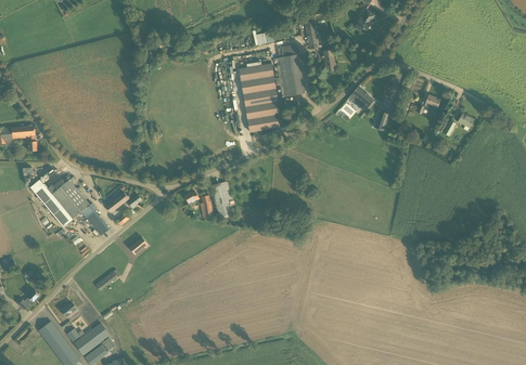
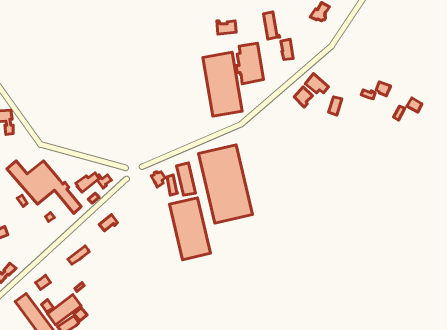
building: none -> [199,145,253,223]
building: none -> [170,198,211,260]

